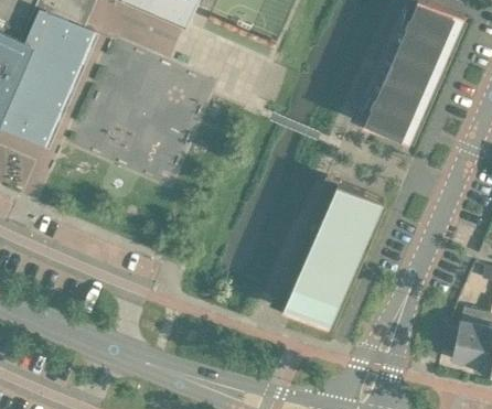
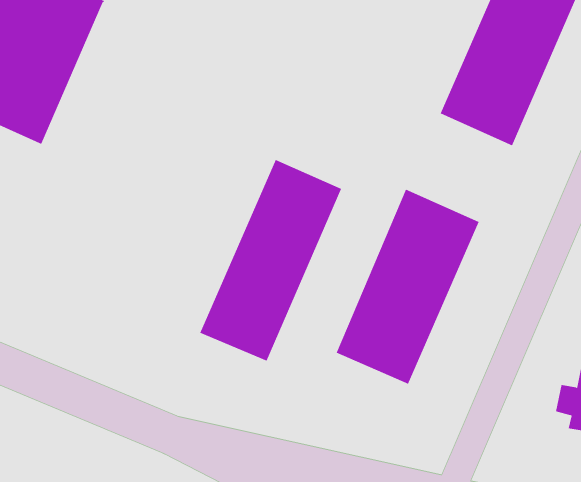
building: none -> [199,159,342,361]

